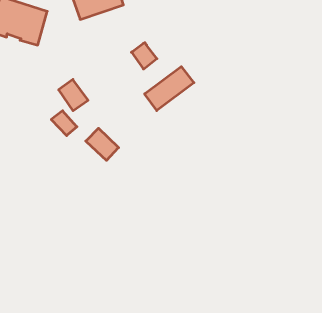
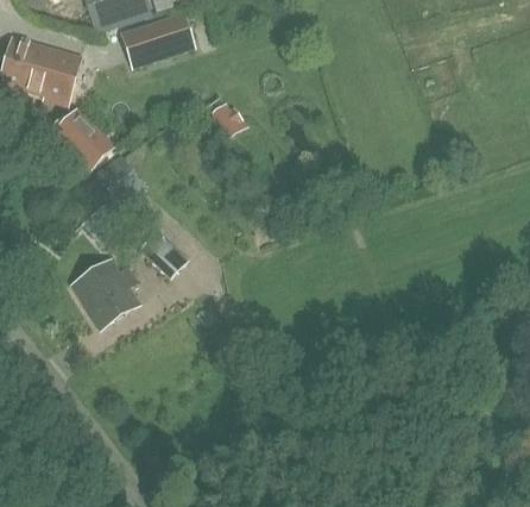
building: none -> [52,108,114,170]
building: [145,67,194,111] -> none
building: none -> [71,259,138,328]

